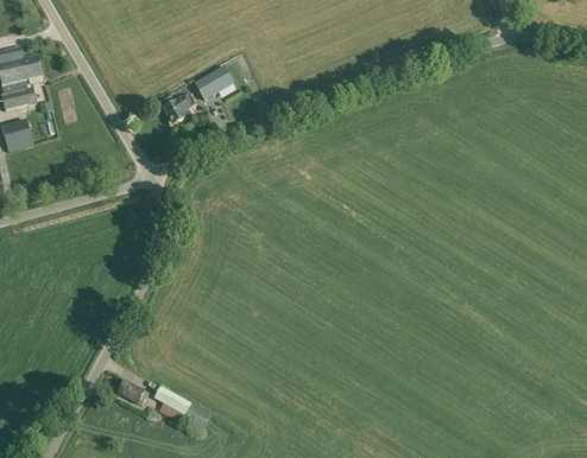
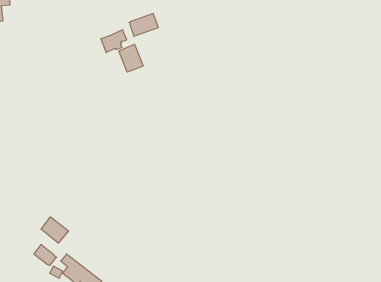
building: none -> [119,44,143,72]
building: none -> [41,217,68,243]

